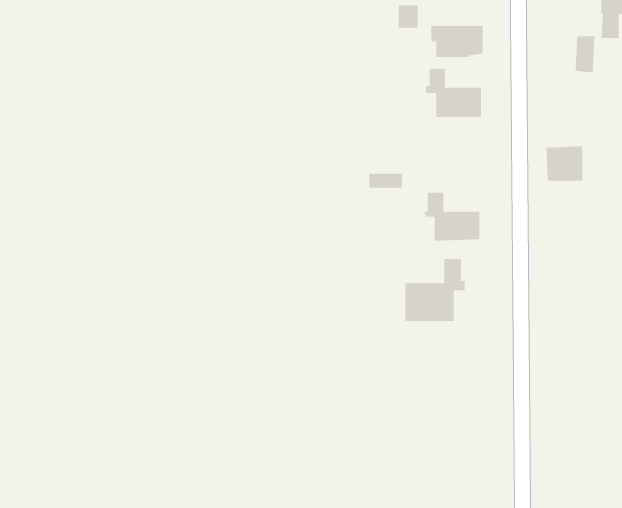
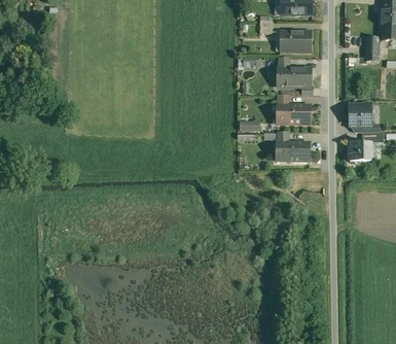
building: none -> [276,94,310,124]
building: none -> [349,140,370,161]
building: [405,258,465,322] -> none

